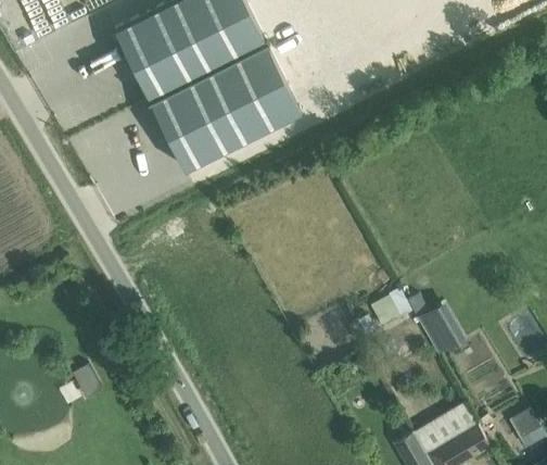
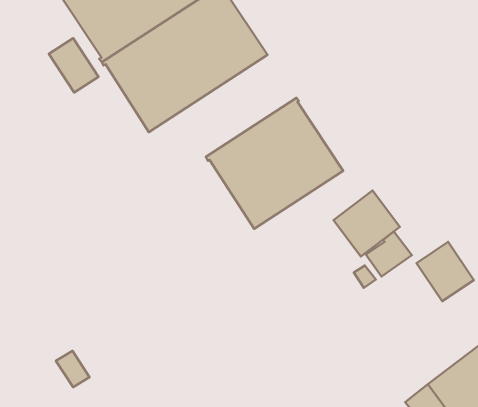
building: none -> [49,38,98,93]
building: none -> [206,98,343,229]
building: none -> [333,191,400,256]

